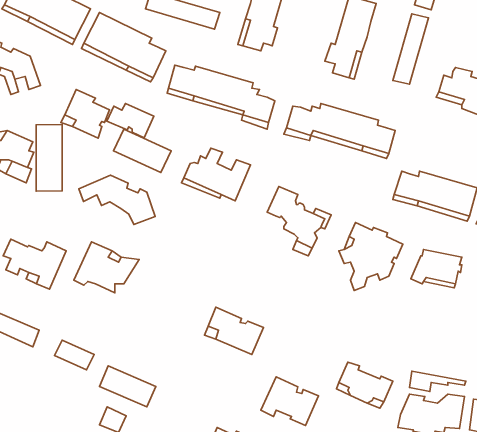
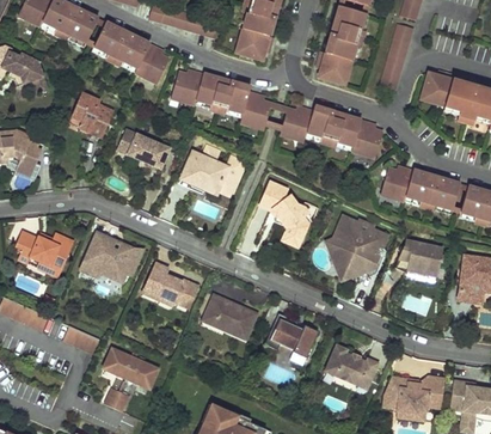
building: [107,104,154,138] -> none
building: [36,125,62,191] -> none
building: [79,175,155,225] -> none
building: none -> [145,263,198,307]
building: [261,377,318,425] -> [265,313,319,359]

